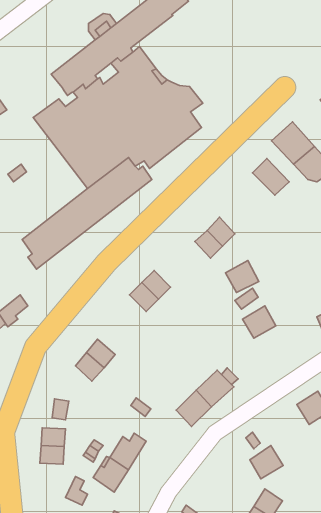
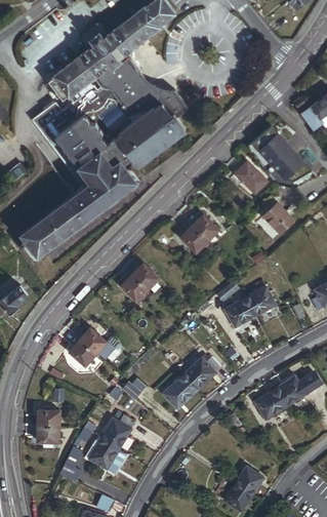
building: none -> [263,202,293,233]
building: [226,260,259,293] -> [246,285,277,315]
building: [250,446,283,479] -> [256,388,287,419]

